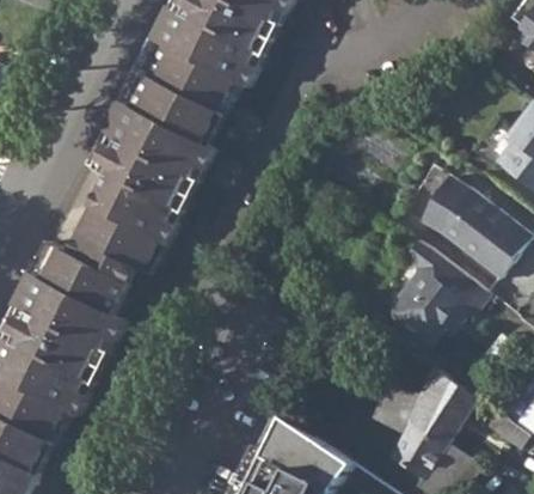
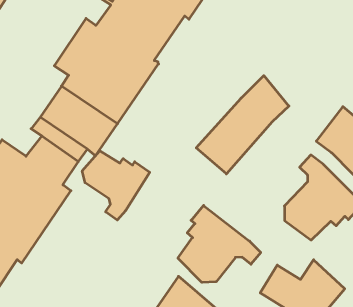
building: none -> [196,76,289,174]
building: none -> [82,151,150,220]
building: none -> [178,205,261,282]

